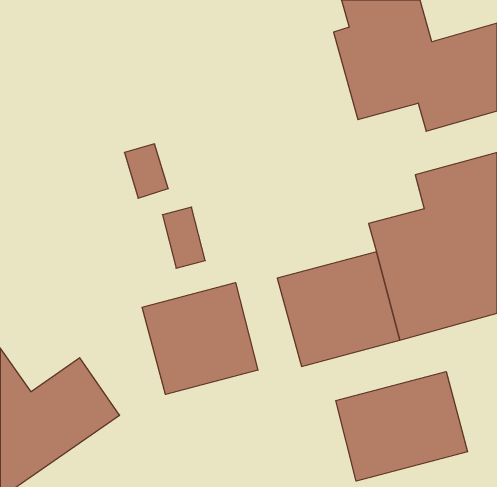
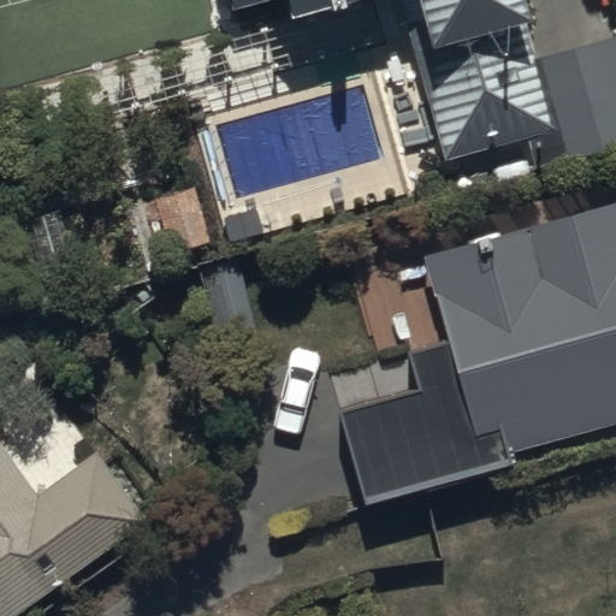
building: [142,283,258,394] -> none
building: [336,372,467,481] -> none

